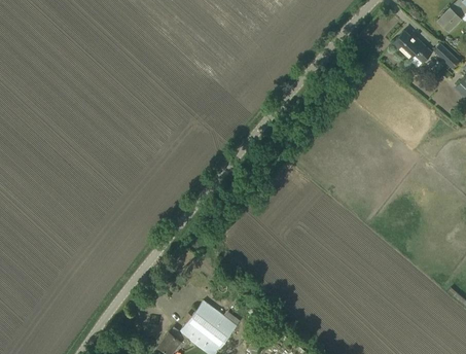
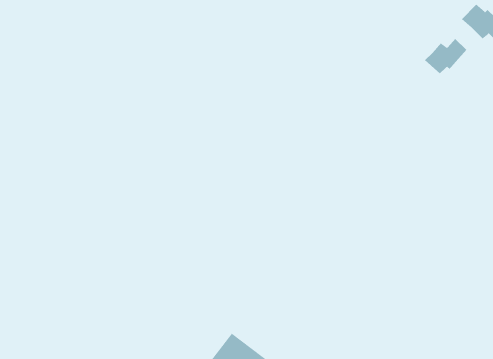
building: none -> [424,38,467,74]

